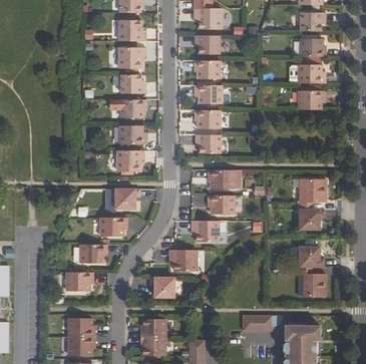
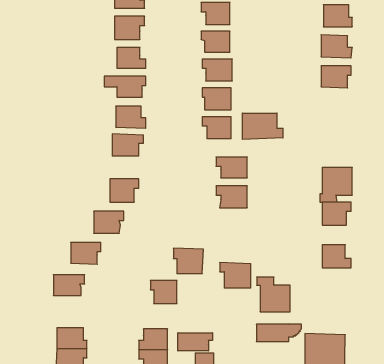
building: none -> [242,113,283,139]
building: [192,220,219,242] -> [220,263,251,288]
building: [296,266,325,296] -> [257,277,290,312]
building: none -> [178,333,212,351]

